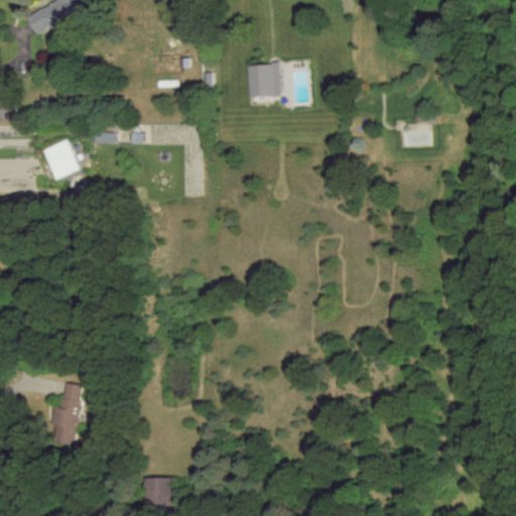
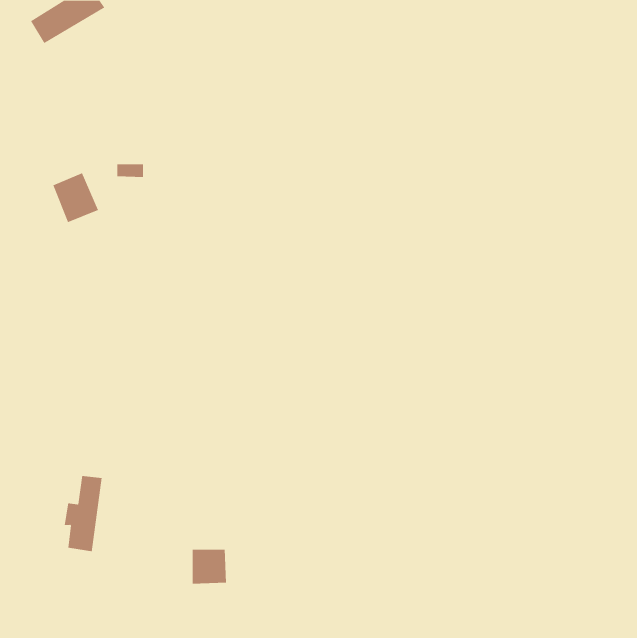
building: [246,63,279,97] -> none
building: [145,478,173,506] -> [192,549,227,584]

